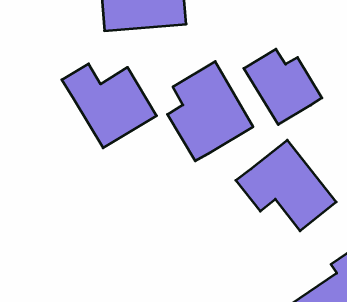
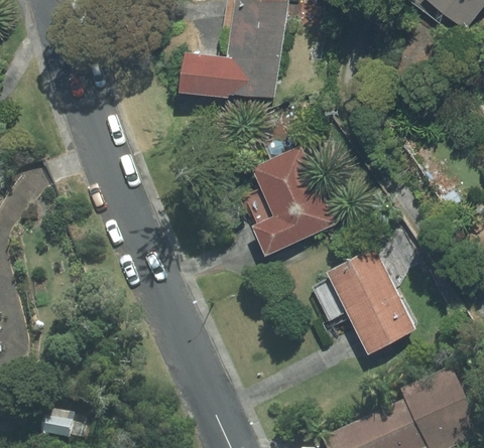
building: [244,49,322,125] -> none
building: [62,64,157,148] -> none

